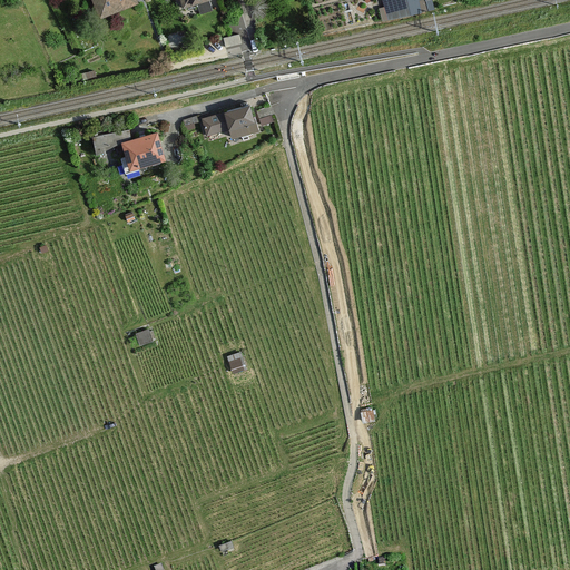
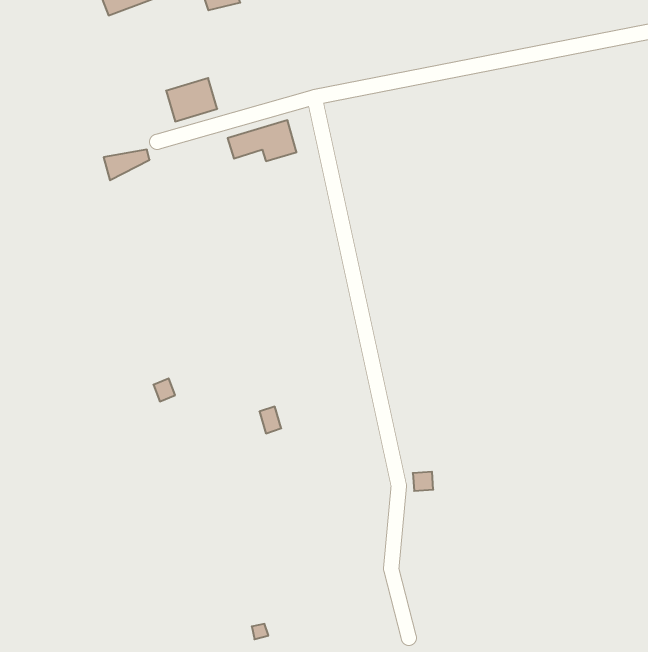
building: [122,135,167,173] -> [166,78,217,121]

